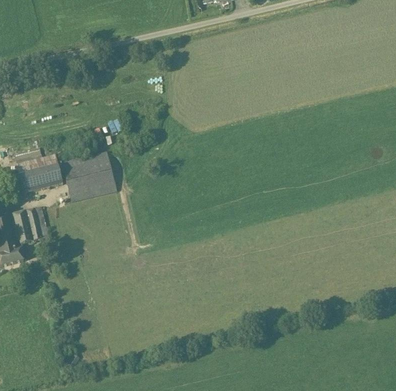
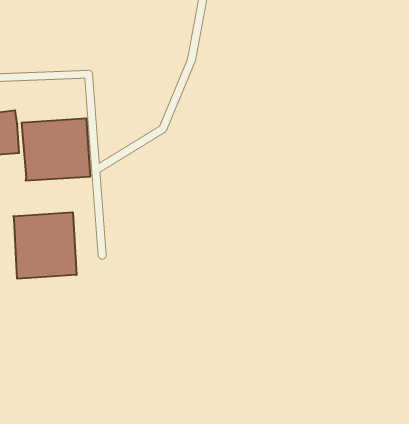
building: none -> [13,212,77,279]

